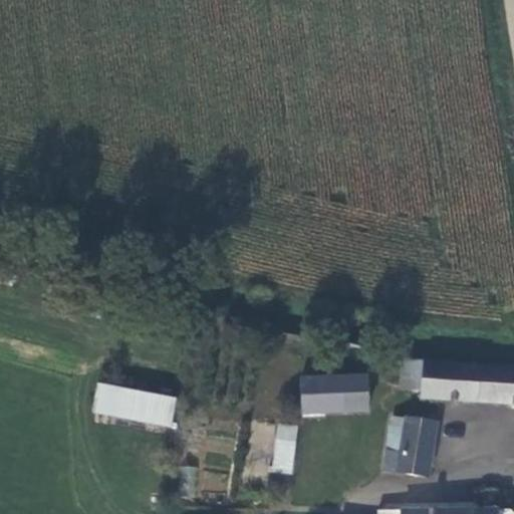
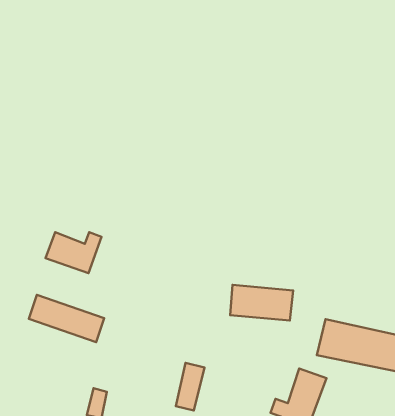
building: none -> [45,232,101,273]
building: [298,374,365,411] -> [230,285,293,321]

